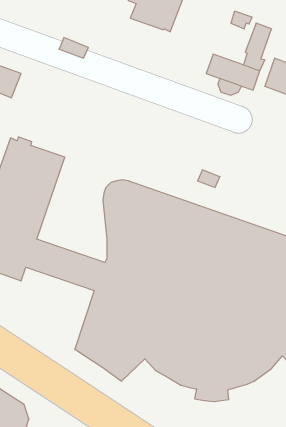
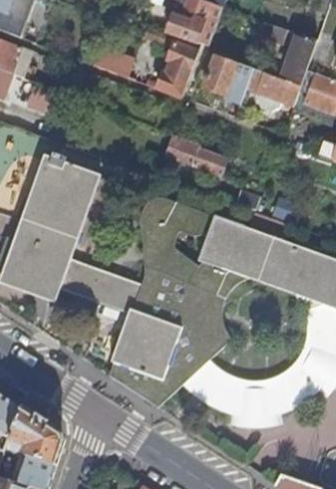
building: none -> [156,42,199,97]
building: none -> [202,51,252,105]
building: none -> [163,133,226,174]

